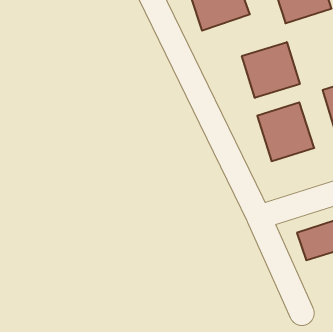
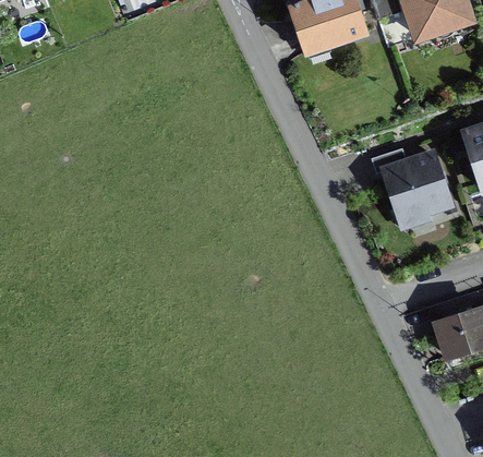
building: [242,42,300,98] -> none

